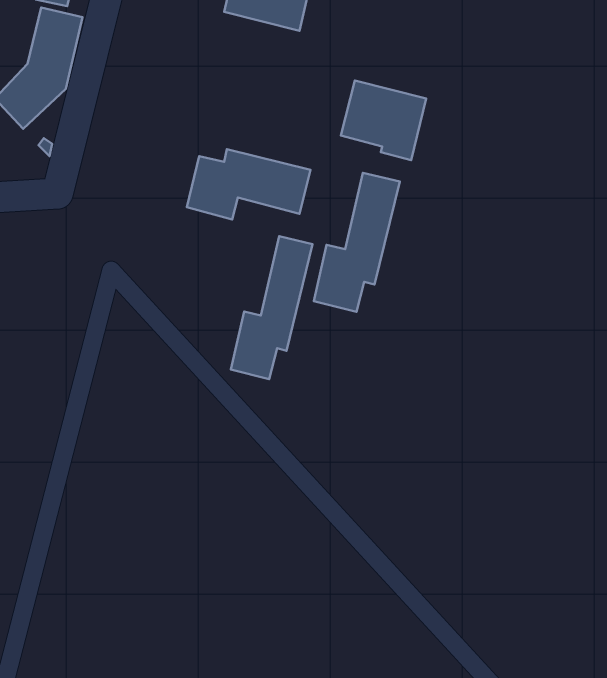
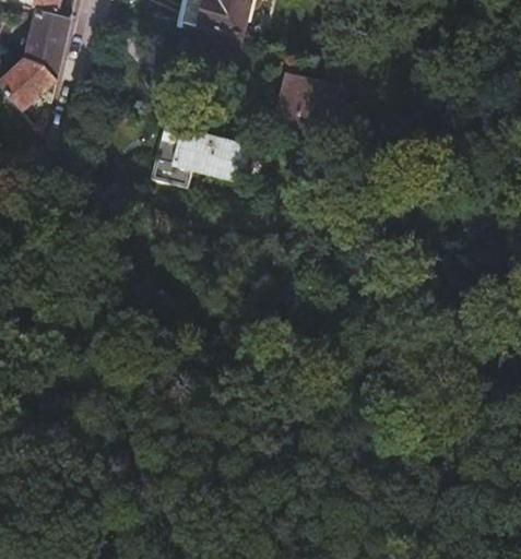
building: [314,173,400,312] -> none
building: [231,236,313,379] -> none

